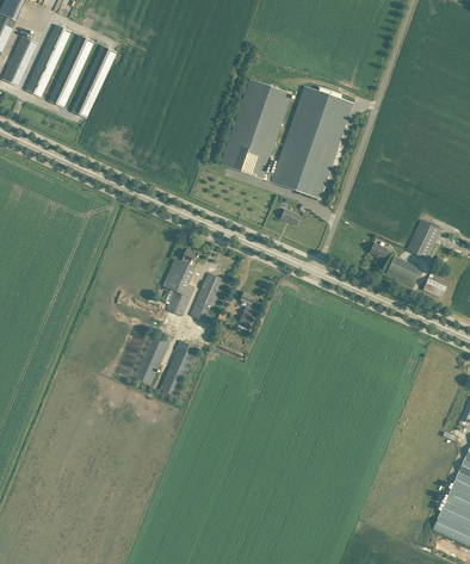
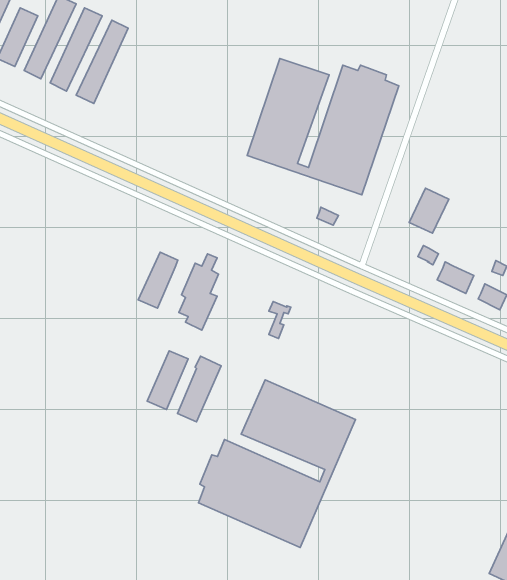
building: [407,219,441,259] -> [409,188,449,233]
building: [190,272,224,321] -> [138,252,178,308]
building: none -> [198,380,355,547]

